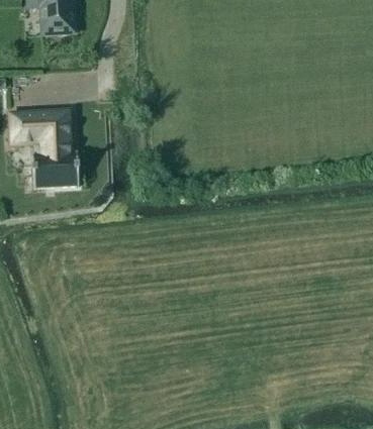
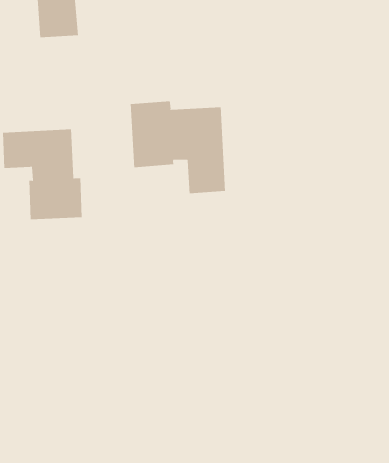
building: none -> [130,101,225,194]

